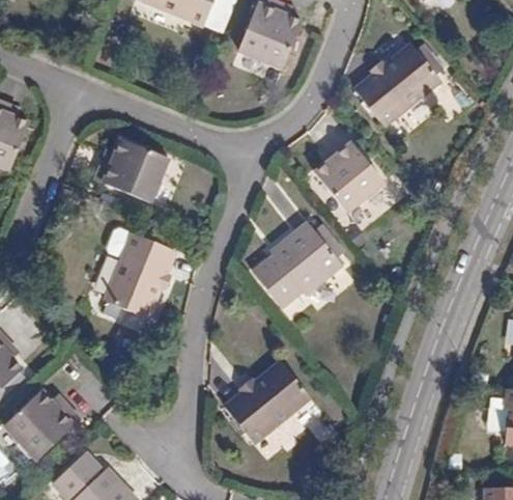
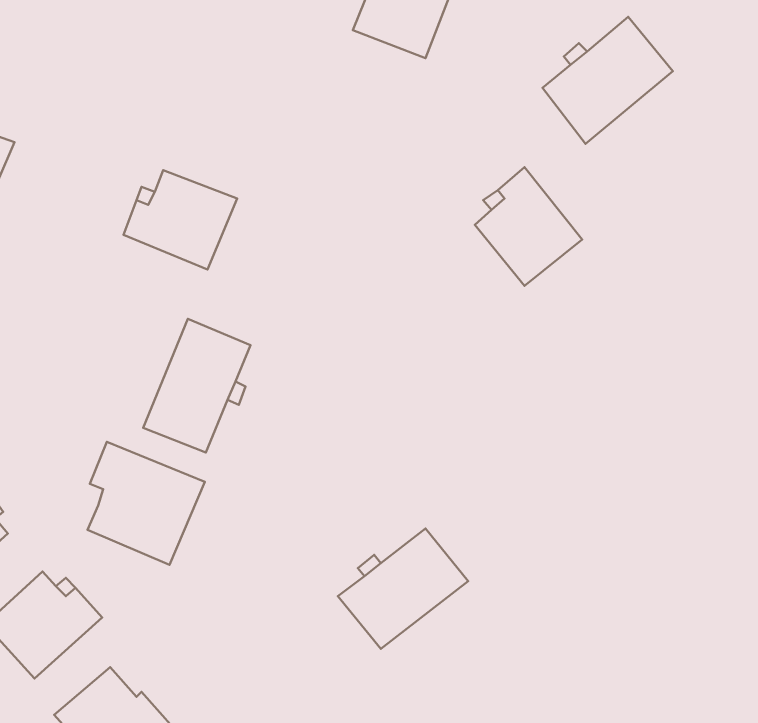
building: [256,223,343,307] -> none
building: none -> [88,442,205,565]

